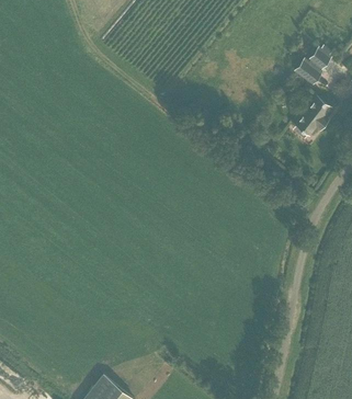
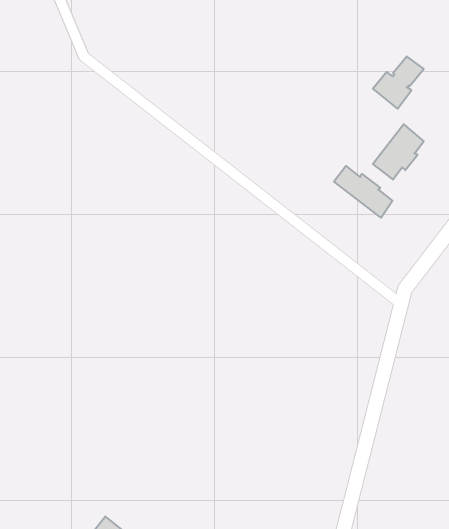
building: none -> [334,166,392,218]

